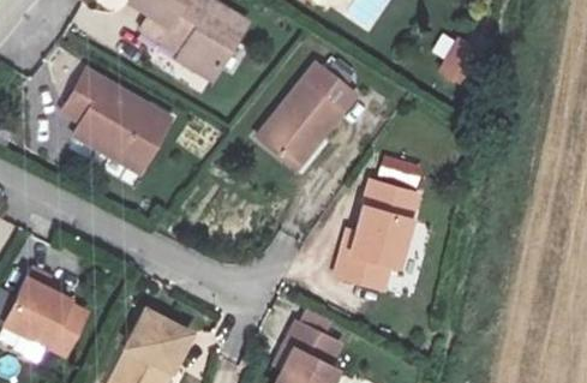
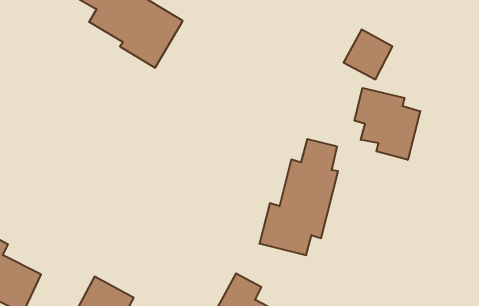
building: [258,67,353,168] -> none
building: [66,72,170,170] -> none
building: none -> [355,88,420,160]

